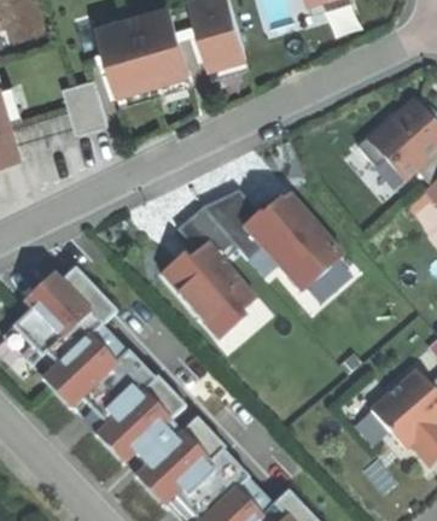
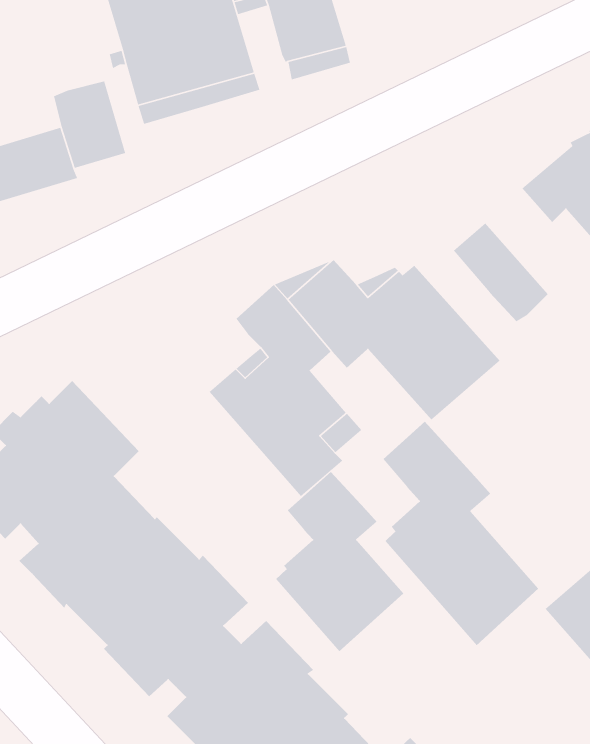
building: none -> [453,223,549,322]
building: none -> [383,421,539,646]
building: none -> [275,471,404,652]

